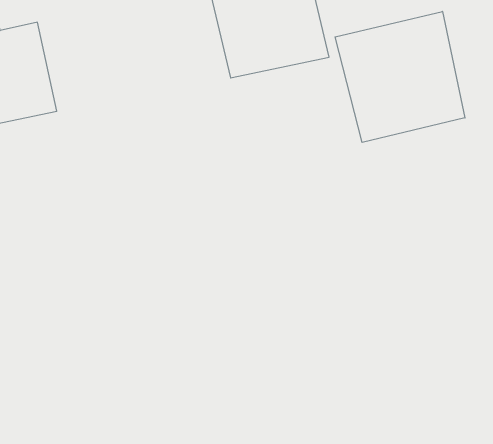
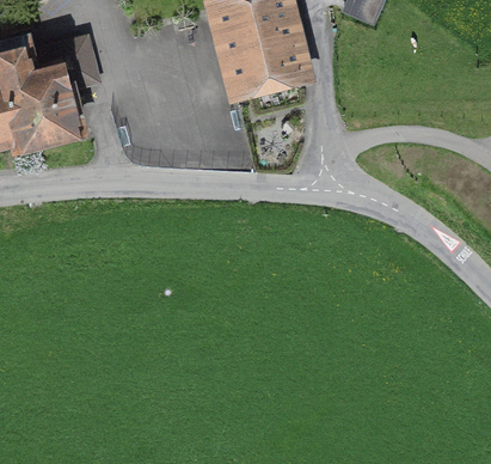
building: [335,11,465,142] -> none

